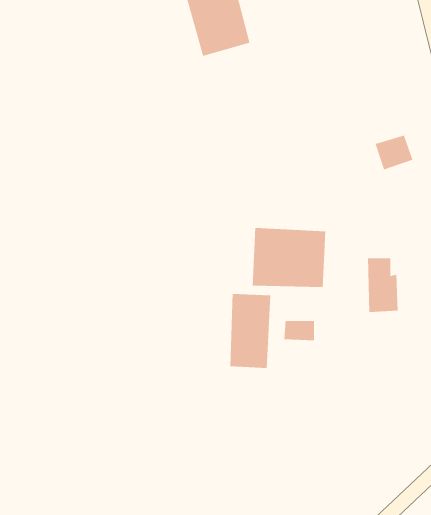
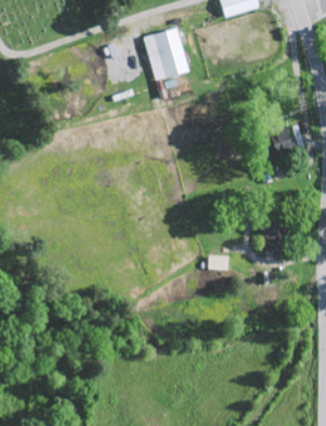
building: [252,227,326,288] -> none
building: [229,293,271,369] -> none

